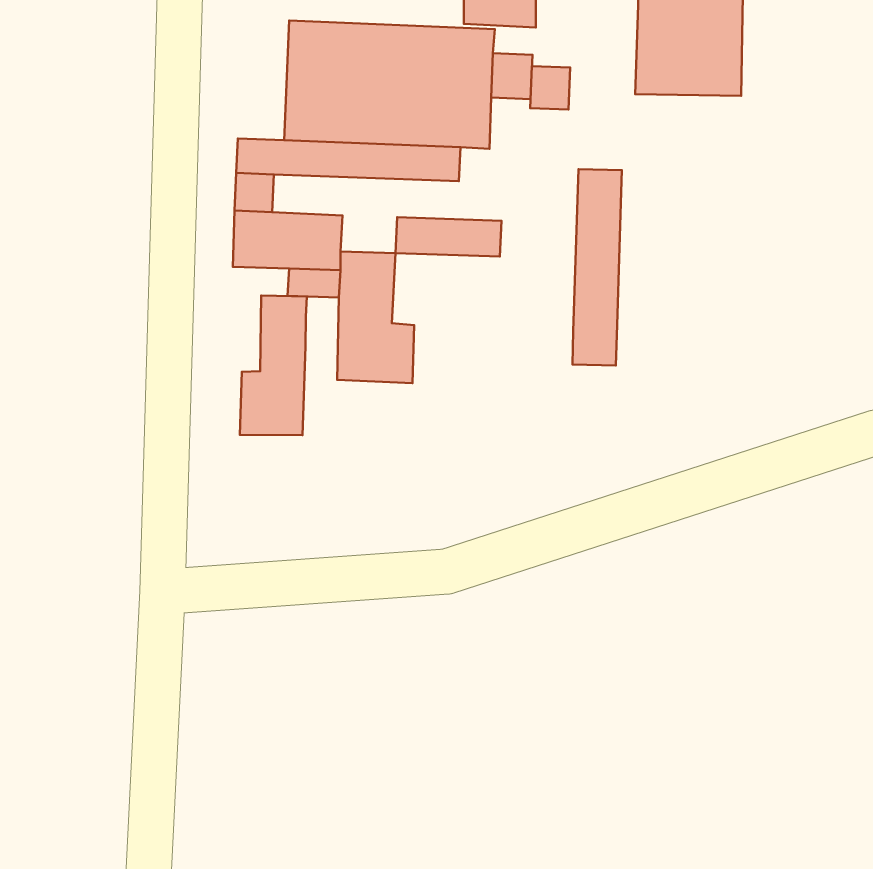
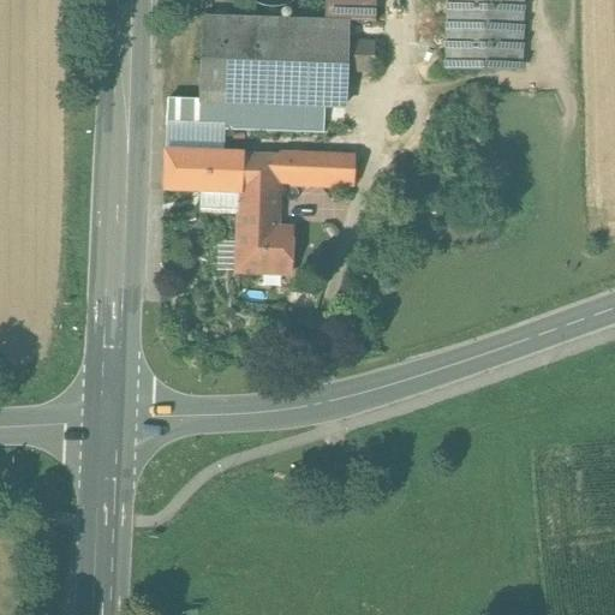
building: [530,66,570,110] -> none
building: [573,169,622,365] -> none
building: none -> [240,151,280,178]
building: [240,295,307,435] -> none

